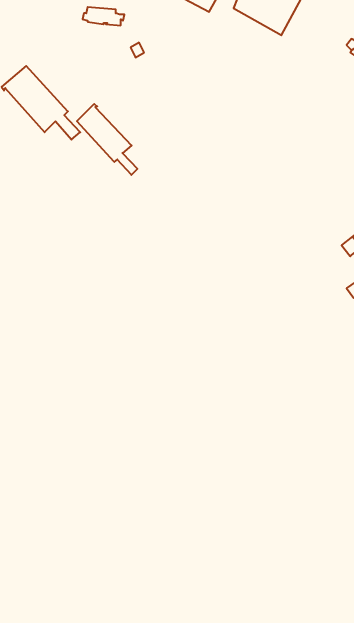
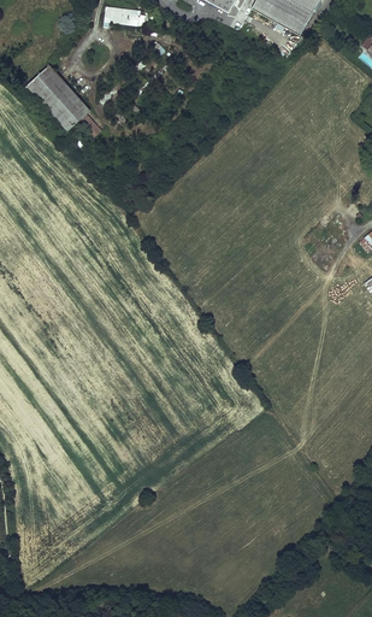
building: [77,104,137,175] -> none

